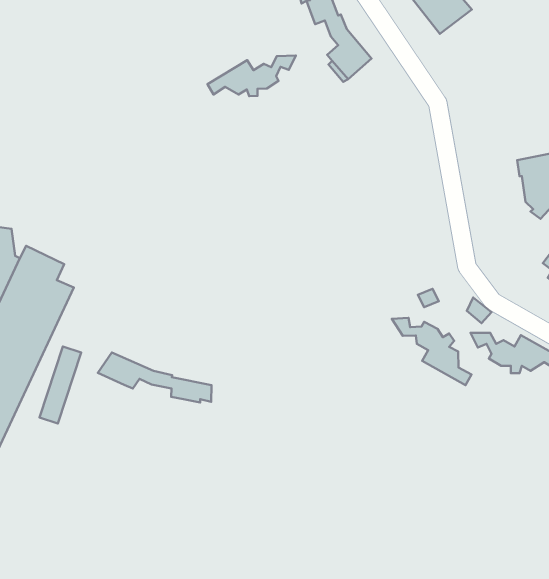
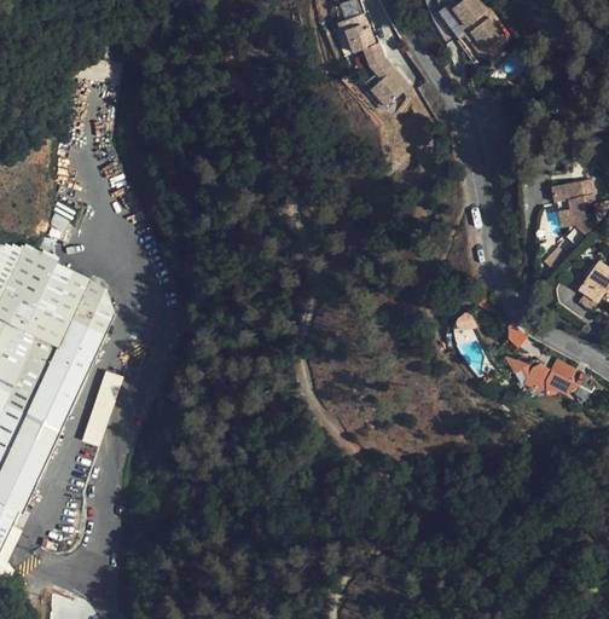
building: [207,55,296,96] -> none
building: [392,318,472,385] -> none
building: [98,353,212,402] -> none

